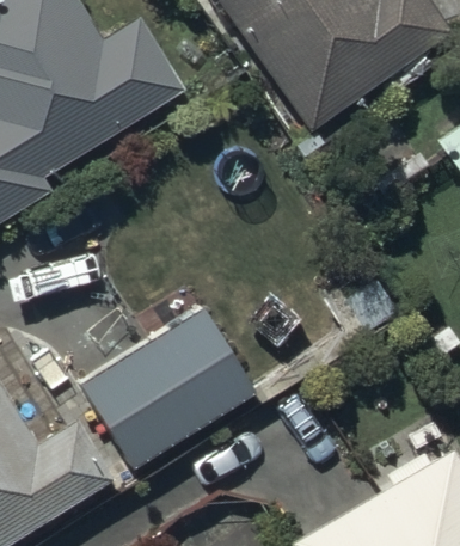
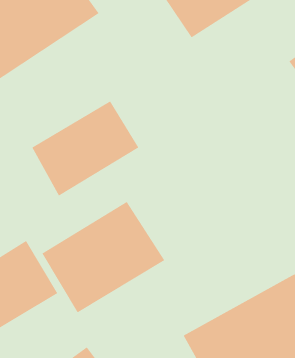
building: none -> [32,100,139,196]

